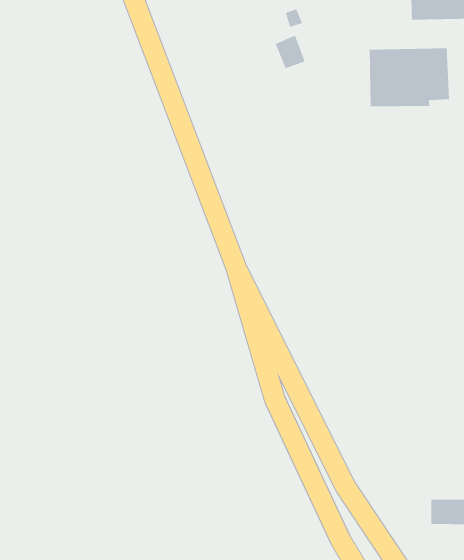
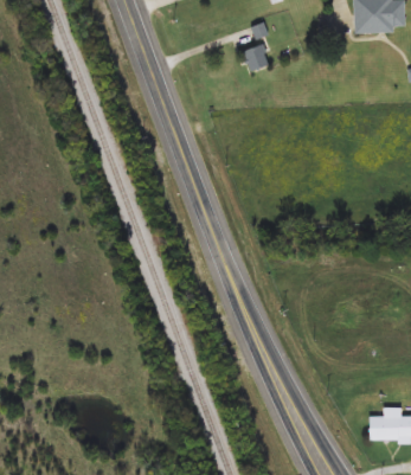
building: [369,47,449,107] -> none

